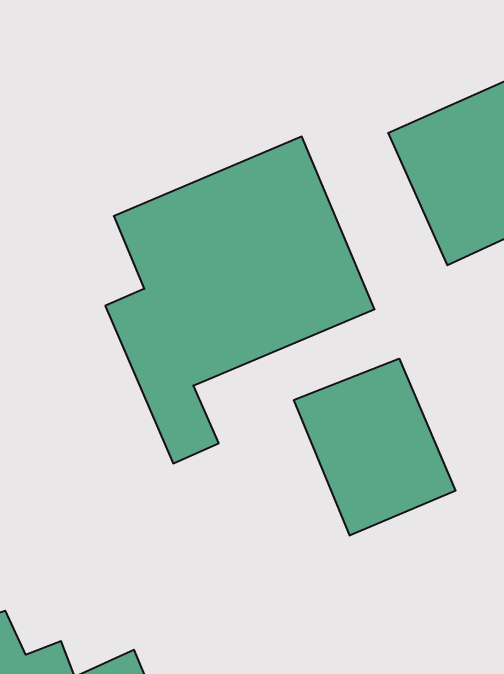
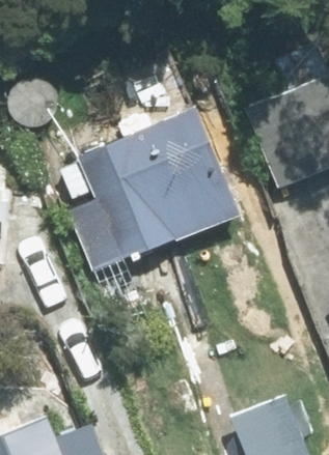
building: [294,359,456,536] -> none

